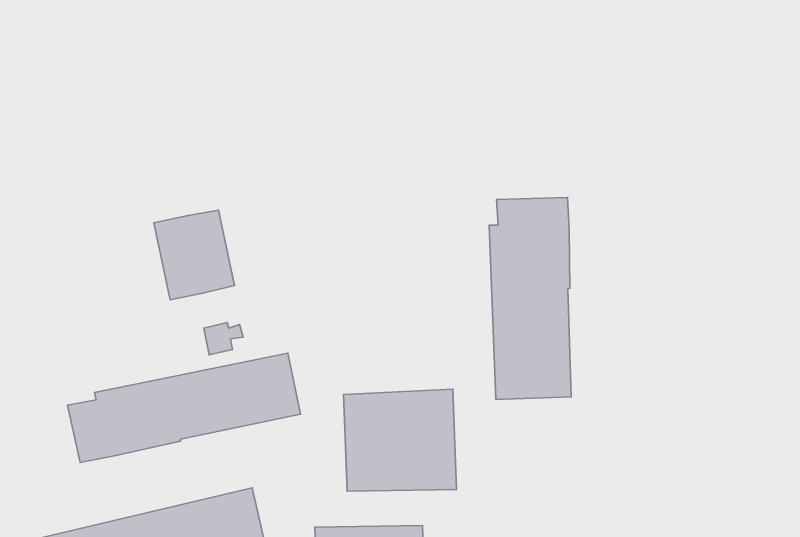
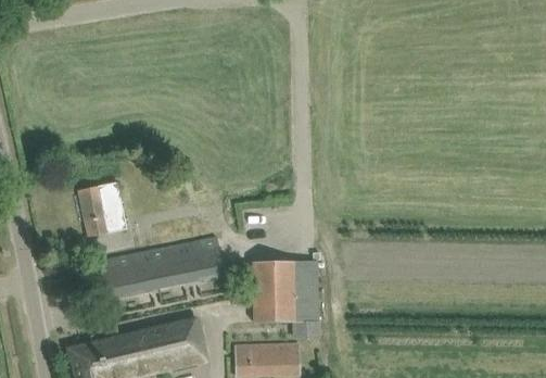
building: [489,198,571,399] -> none
building: [154,210,235,300] -> [78,182,127,237]

